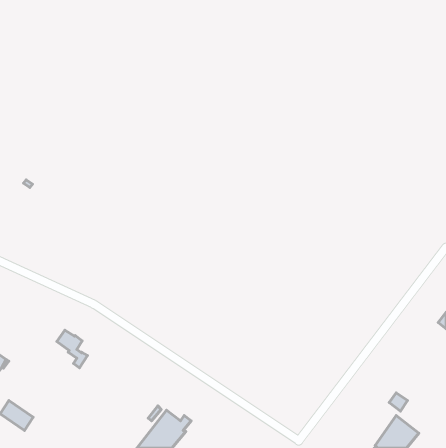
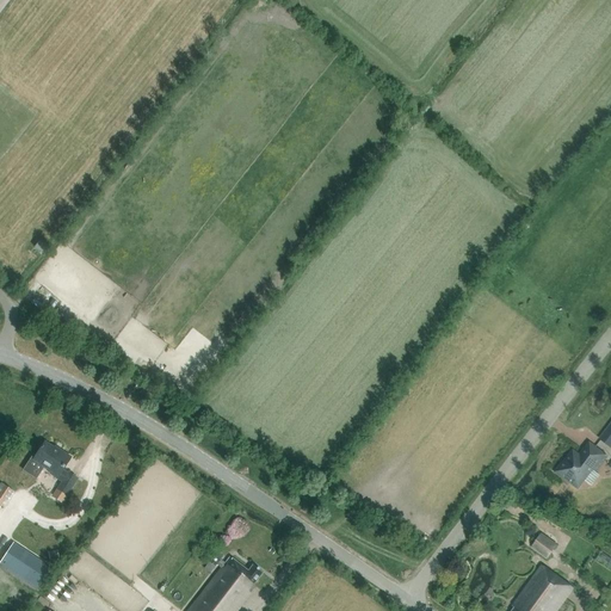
building: none -> [554,444,603,487]
building: [57,330,87,368] -> [32,445,74,496]

